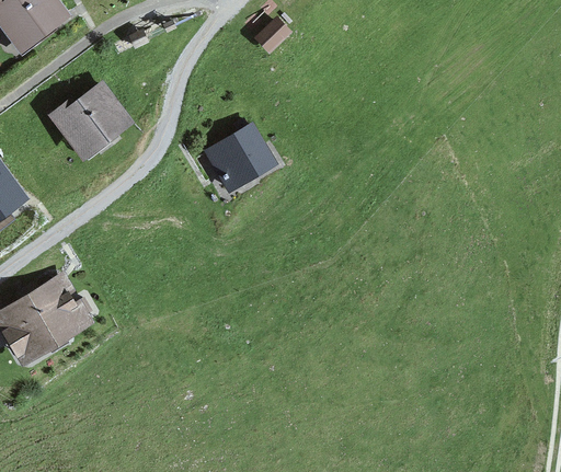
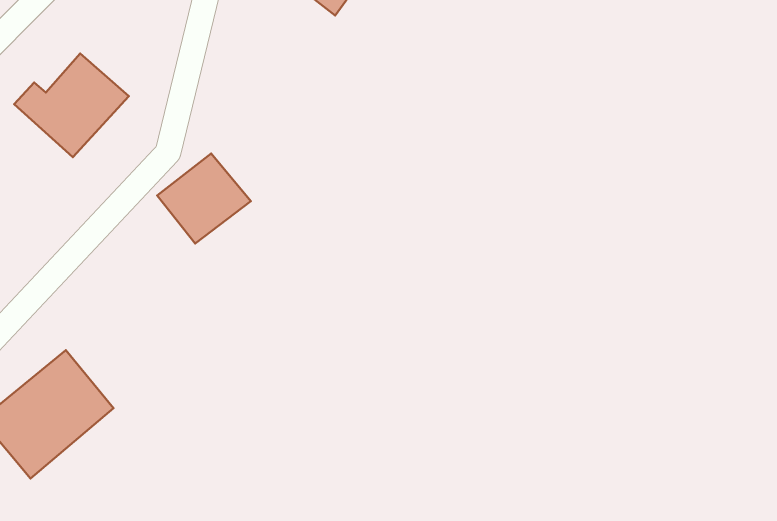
building: [209,130,270,187] -> [157,153,251,243]

